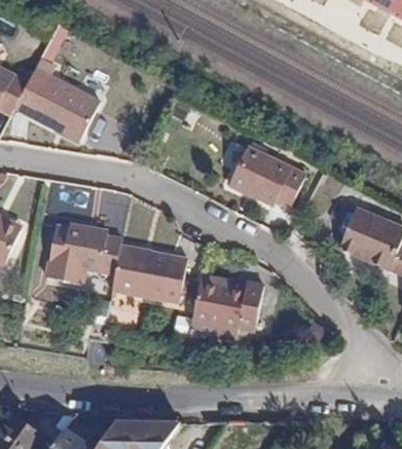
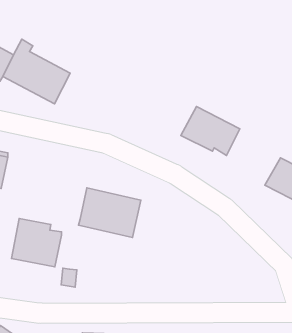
building: [57,223,118,283] -> [12,219,61,267]
building: [190,275,278,331] -> none

